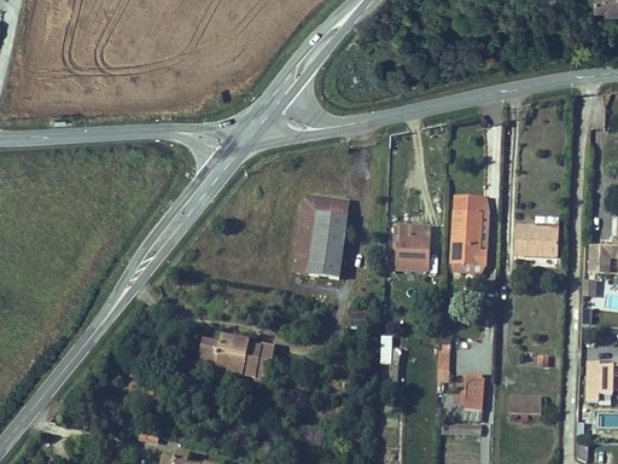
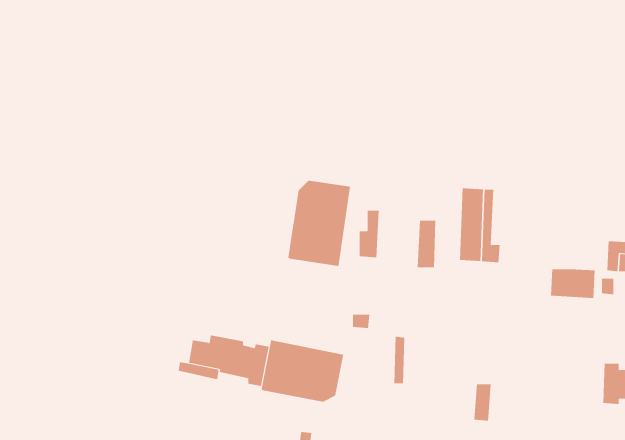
building: [395,225,414,269] -> [359,210,380,258]
building: [519,226,561,254] -> [550,269,595,298]
building: none -> [261,340,344,403]
building: [511,395,542,413] -> none

